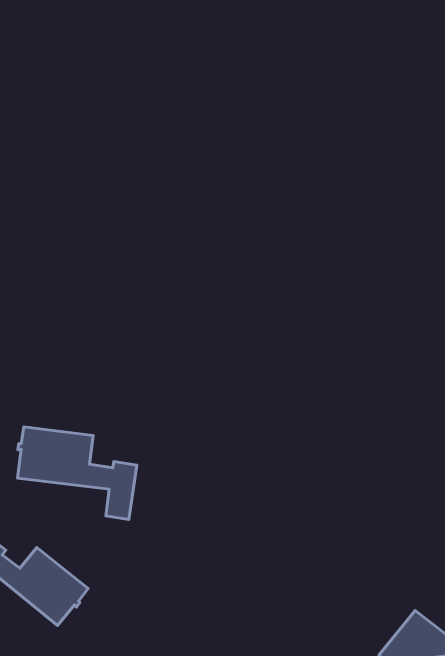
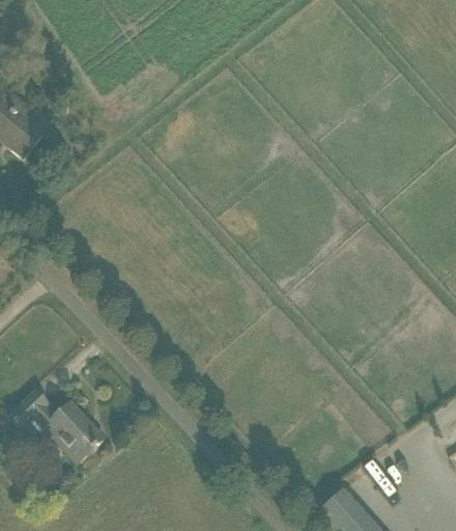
building: [18,427,137,519] -> none

